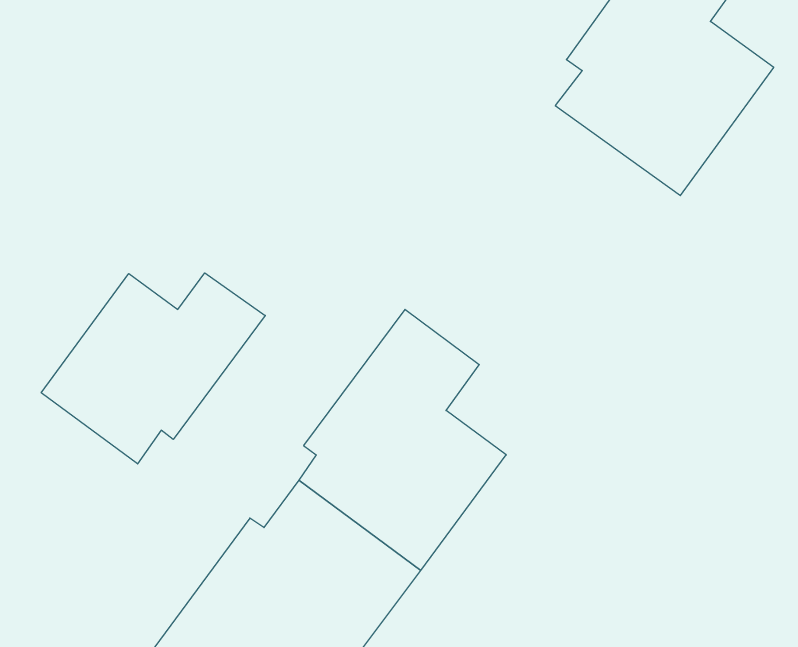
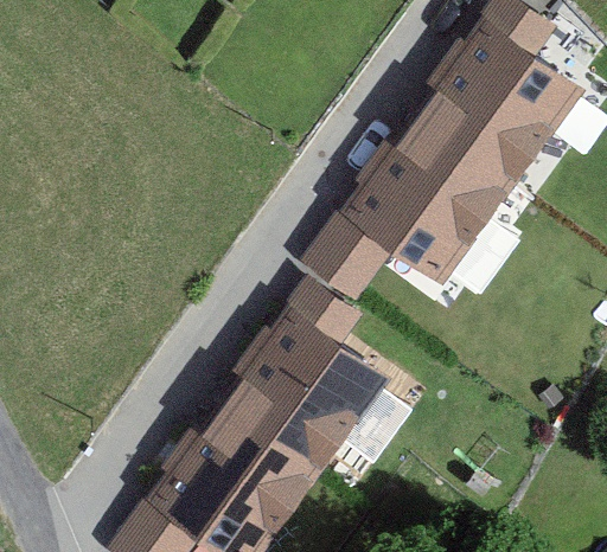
building: none -> [305,121,513,297]
building: [41,273,265,464] -> none

